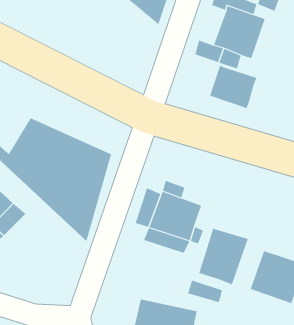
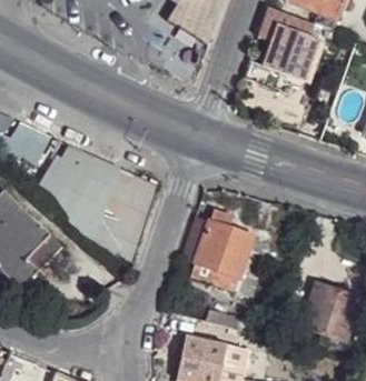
building: [209,65,257,109] -> none
building: [199,228,249,285] -> none

